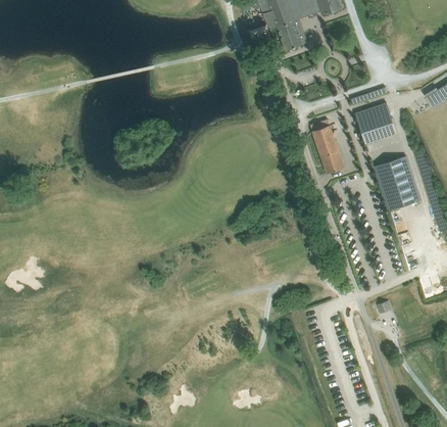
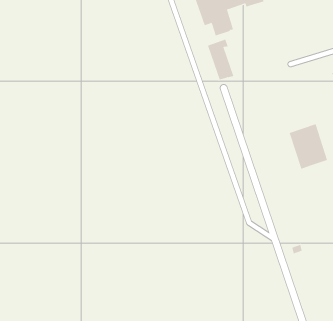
building: [354,102,395,142] -> none
building: [311,123,344,173] -> [207,39,234,80]

